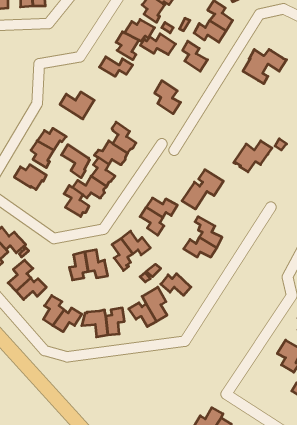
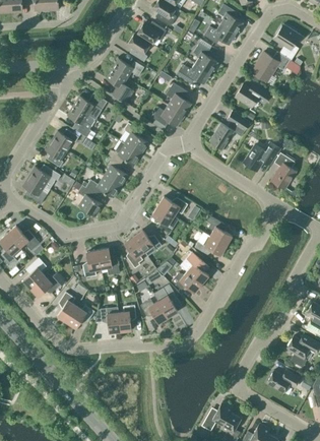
building: none -> [273,24,300,60]
building: [140,34,176,55] -> [176,63,210,83]
building: none -> [106,69,133,104]
building: none -> [235,83,270,108]
building: none -> [151,105,184,130]
building: [61,145,90,178] -> [67,106,94,138]
building: none -> [271,152,296,189]
building: [182,170,223,209] -> [209,111,250,149]
building: none -> [22,177,47,205]
building: none -> [180,252,208,285]
building: none -> [266,371,300,393]

